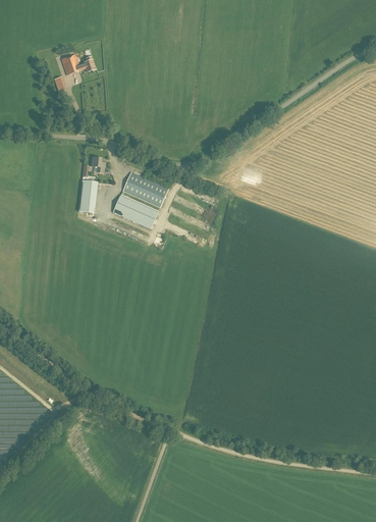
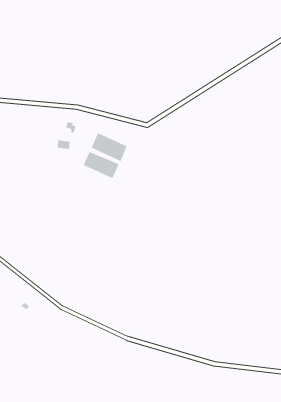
building: [60,54,95,75] -> none

